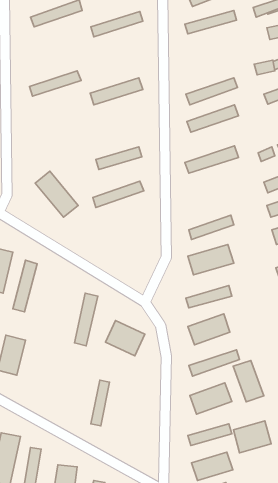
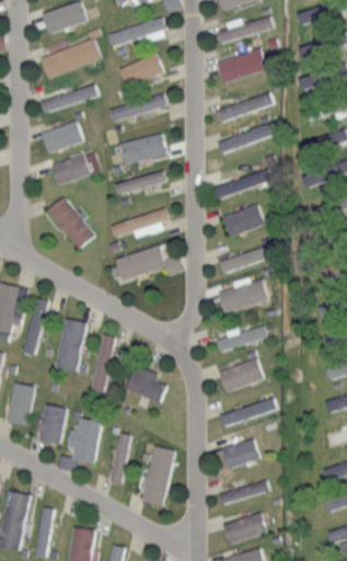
building: none -> [39,37,102,79]
building: none -> [217,46,268,82]
building: none -> [120,54,164,88]
building: none -> [42,121,83,153]
building: none -> [120,133,167,164]
building: none -> [51,153,91,185]
building: none -> [221,204,267,239]
building: none -> [114,244,165,282]
building: none -> [55,318,86,373]
building: none -> [38,405,66,444]
building: [233,360,264,402] -> none
building: none -> [71,417,102,463]
building: none -> [141,445,176,506]
building: [233,421,271,453] -> none

